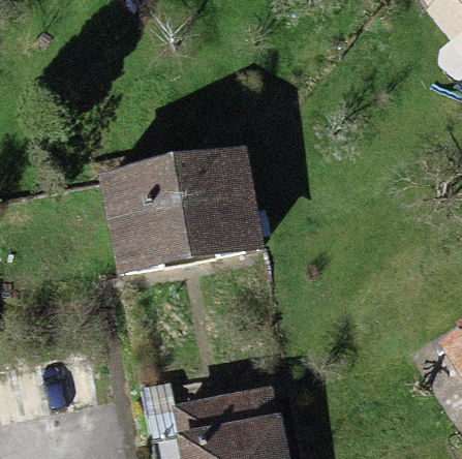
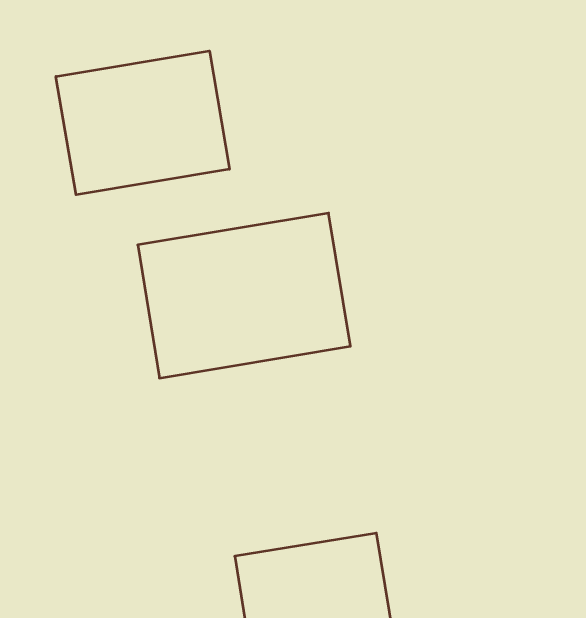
building: none -> [56,51,229,195]

